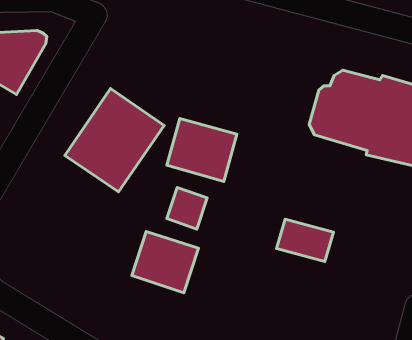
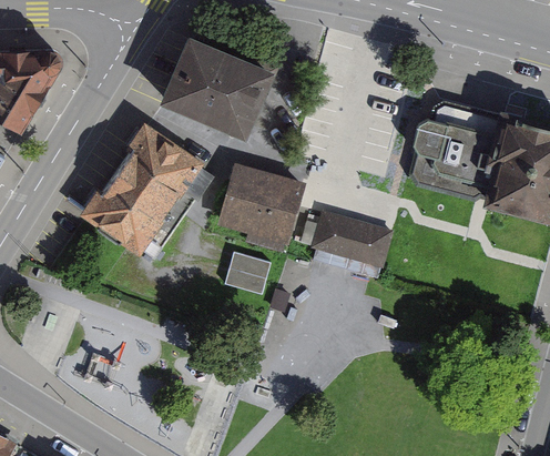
building: none -> [163,37,278,142]
building: [276,219,333,261] -> [309,212,383,266]
building: [132,231,199,293] -> none

